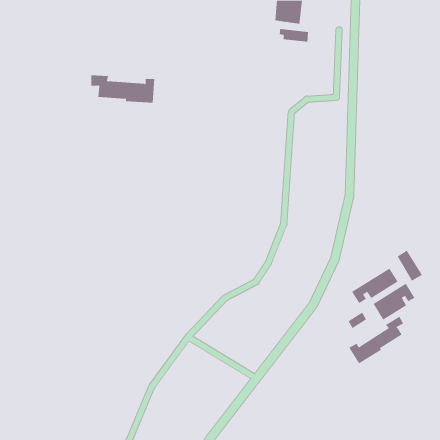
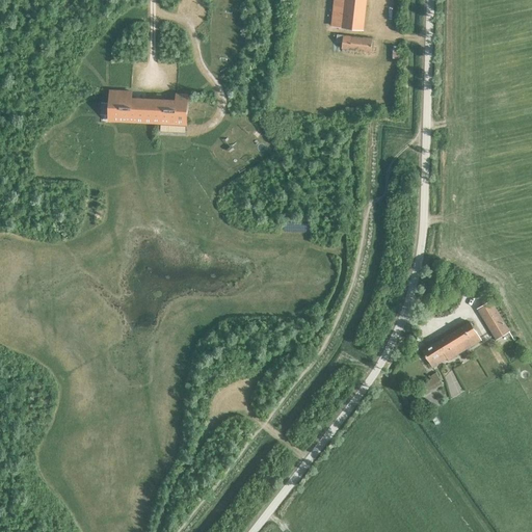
building: [373,283,415,321] -> none
building: [348,316,404,364] -> none

